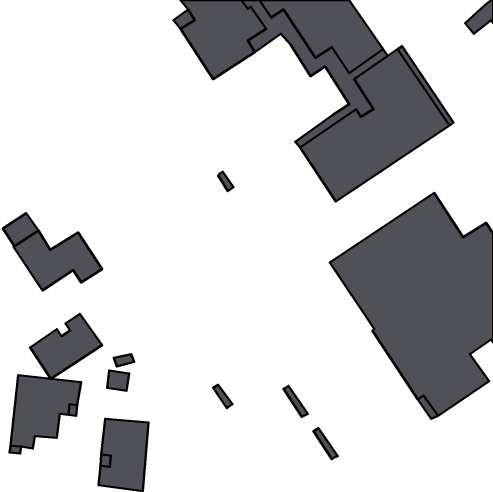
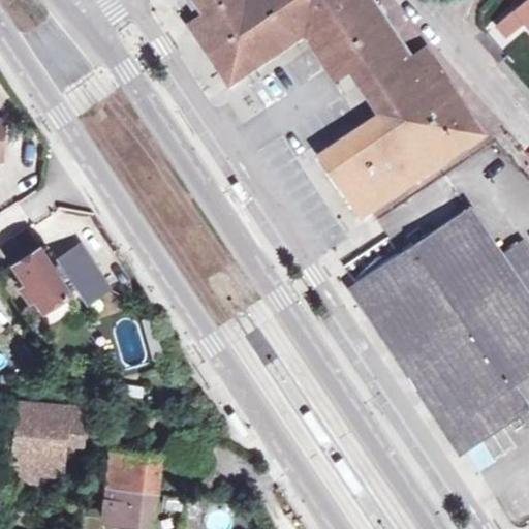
building: [30,314,102,379] -> none

